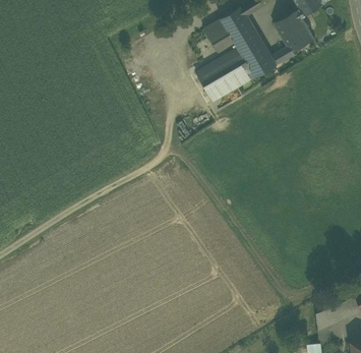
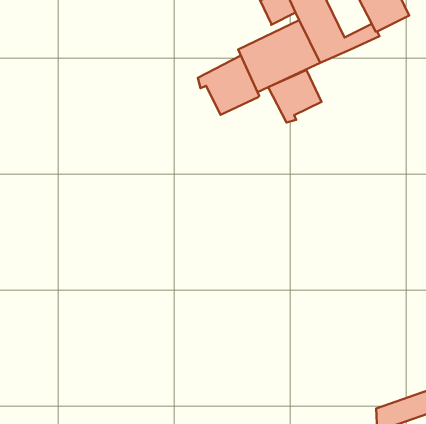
building: none -> [198,56,259,115]
building: none -> [268,70,321,123]

